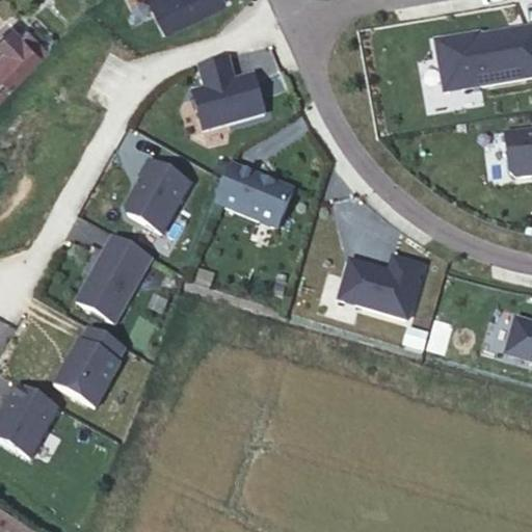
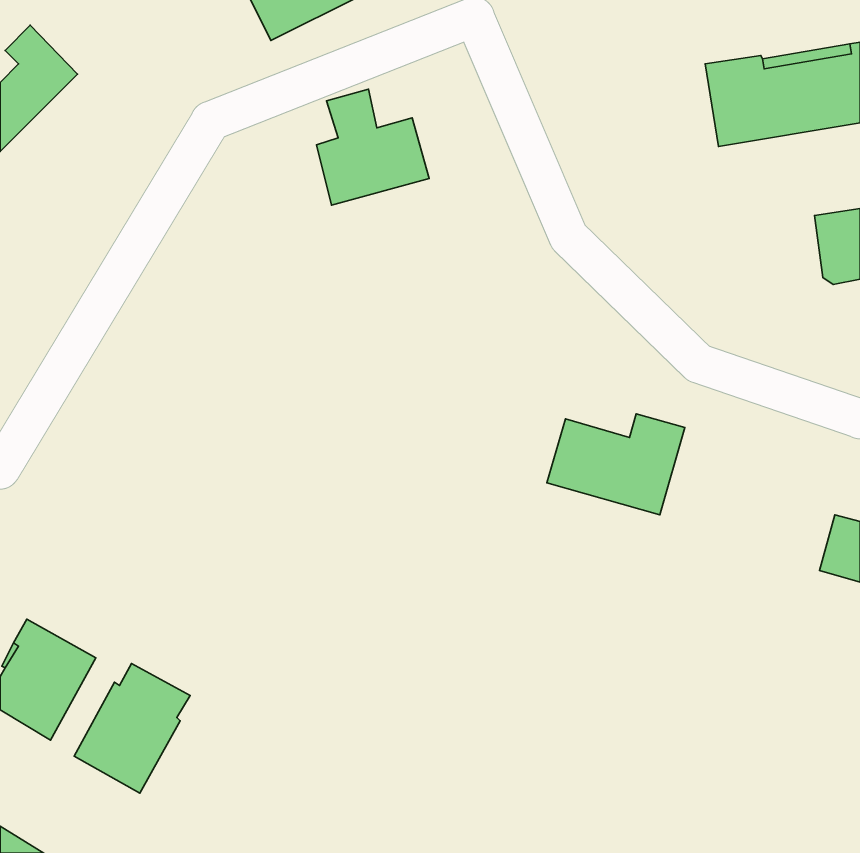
building: [130,157,192,229] -> none
building: [215,162,293,228] -> none
building: [76,235,153,323] -> none
building: [54,326,126,406] -> [74,664,190,793]

